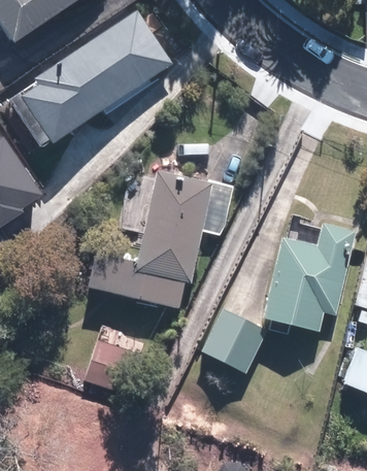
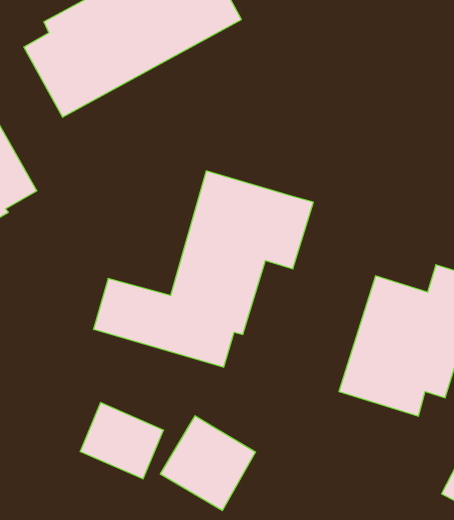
building: [202,306,267,370] -> [160,416,256,510]

